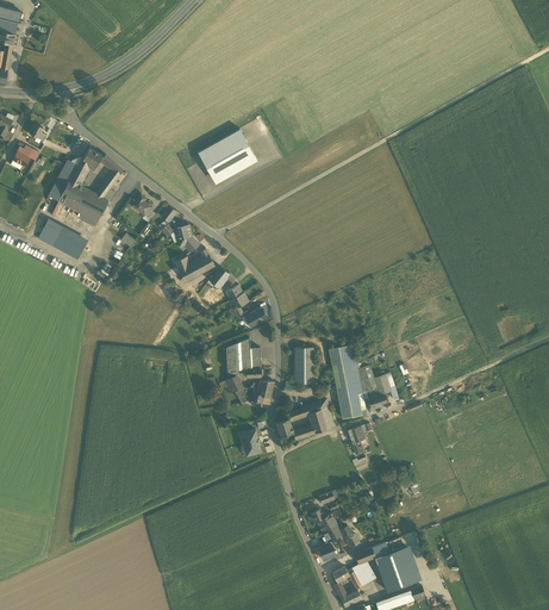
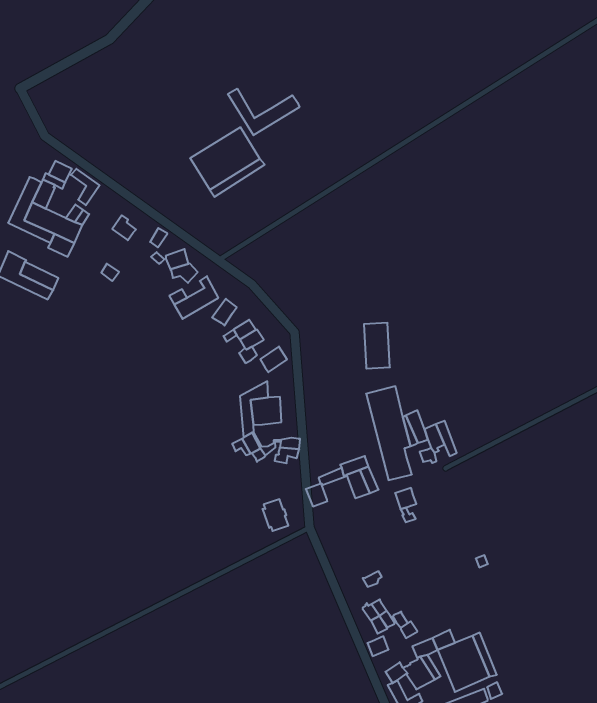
building: none -> [228,89,299,135]
building: [294,347,313,382] -> [364,323,390,369]

